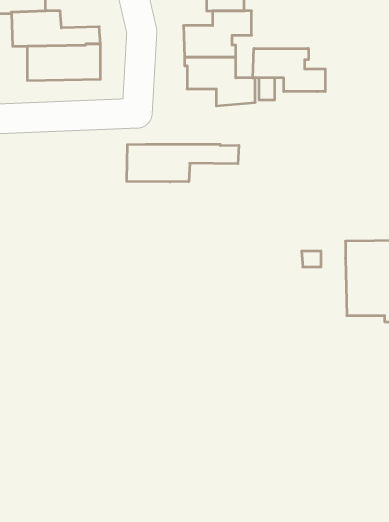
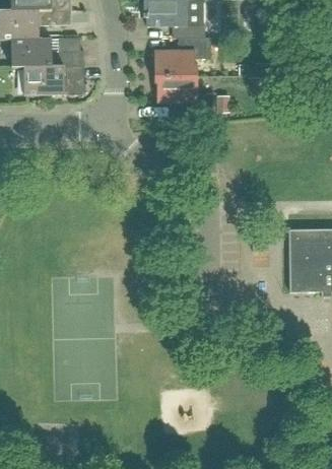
building: [253,48,325,92] -> none
building: [127,144,239,182] -> none

